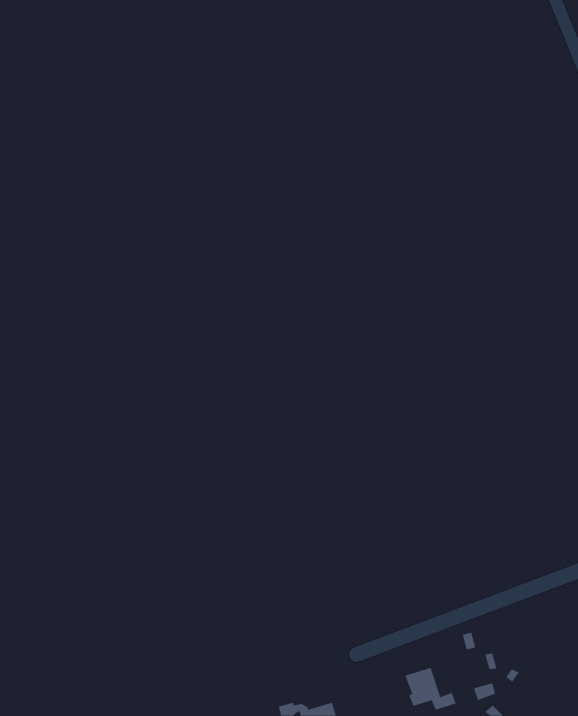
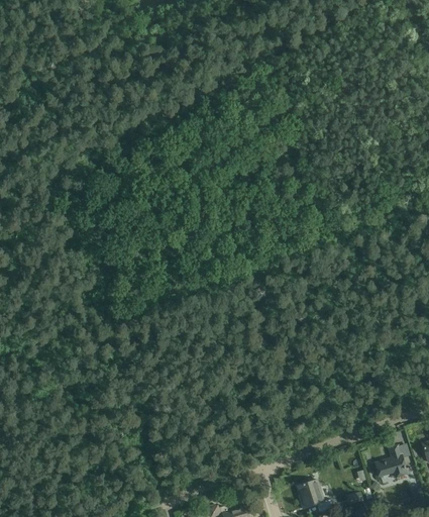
building: none -> [377,445,408,478]

